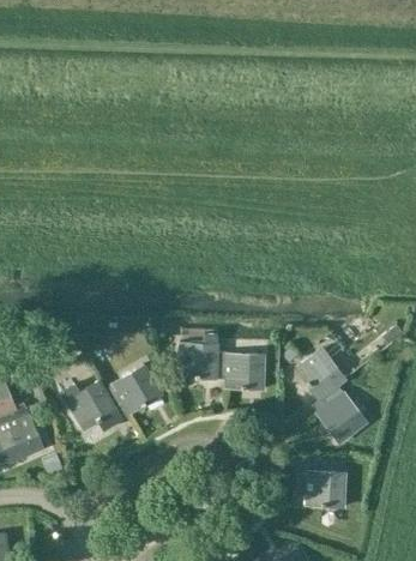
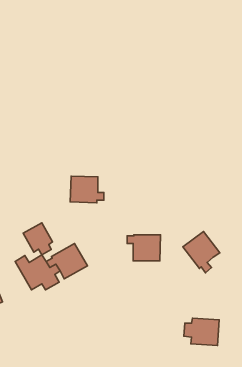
building: none -> [23,223,52,255]
building: [179,342,225,379] -> [70,176,104,203]
building: [315,384,367,442] -> none

